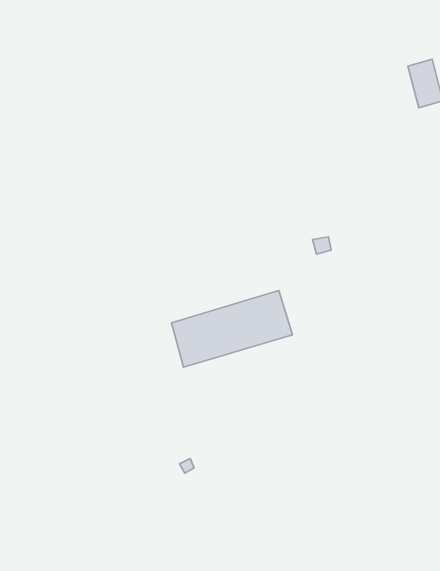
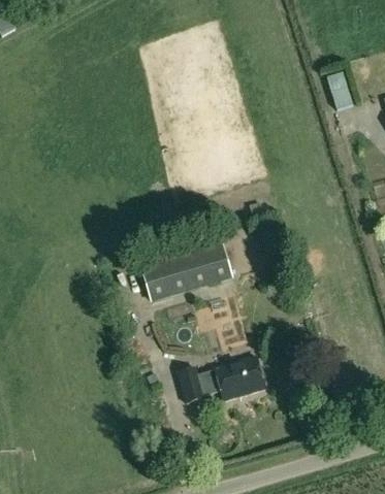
building: none -> [216,355,266,399]
building: none -> [180,366,205,400]

